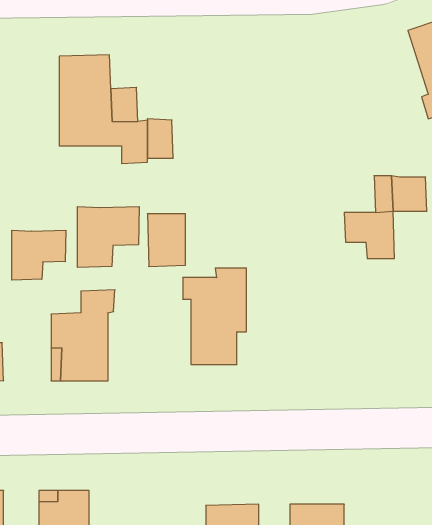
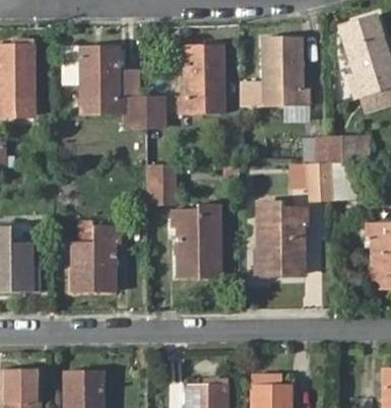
building: none -> [264,35,309,107]
building: none -> [176,46,224,116]
building: [78,207,139,267] -> none
building: [12,230,66,280] -> none
building: none -> [262,207,310,277]

